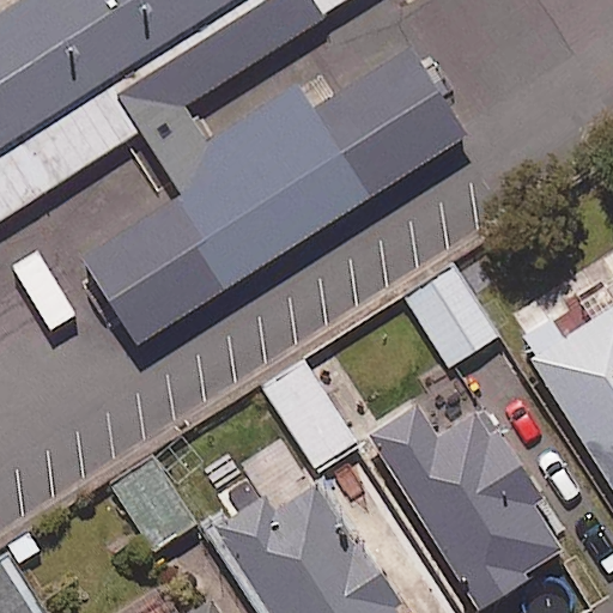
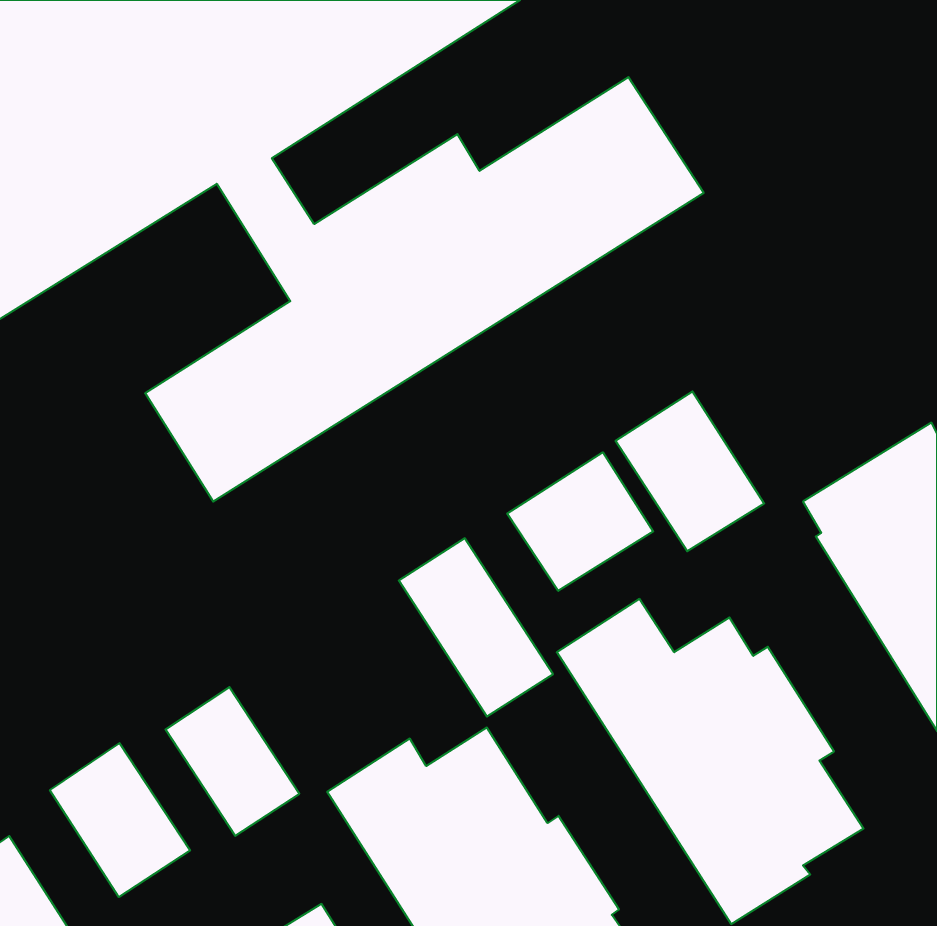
building: none -> [507,452,653,591]
building: none -> [50,743,190,897]

